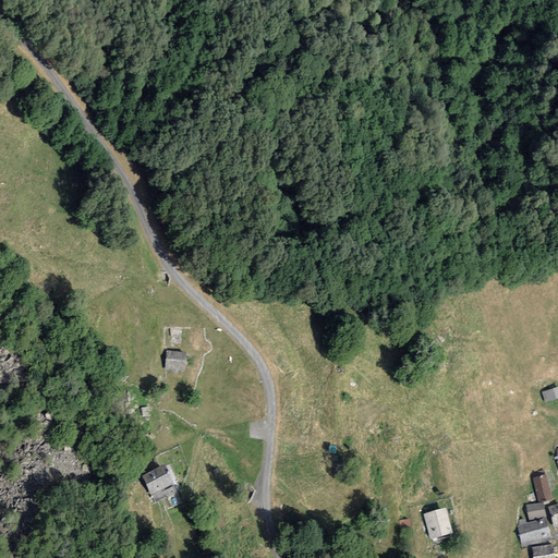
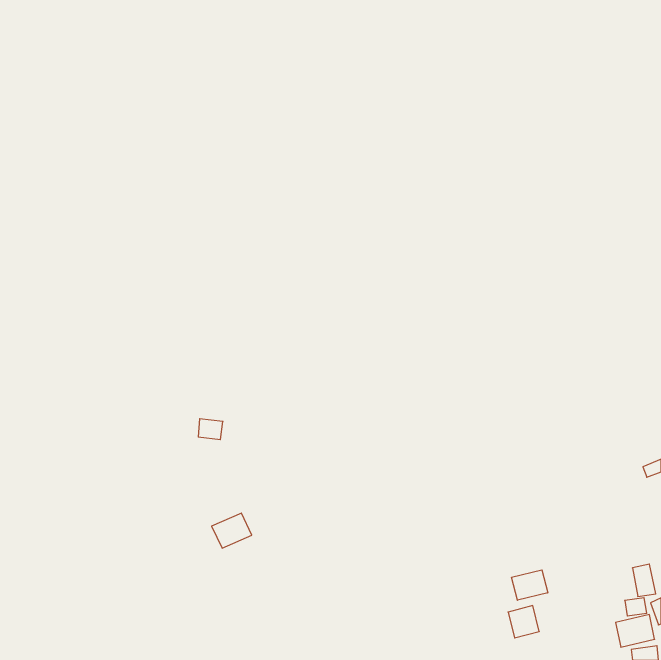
building: [140,465,173,495] -> [212,513,252,548]
building: none -> [512,570,548,600]

